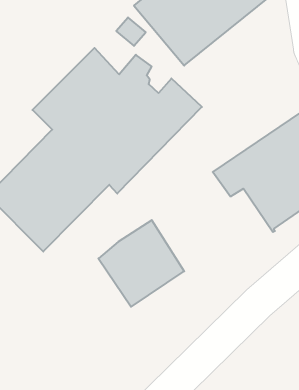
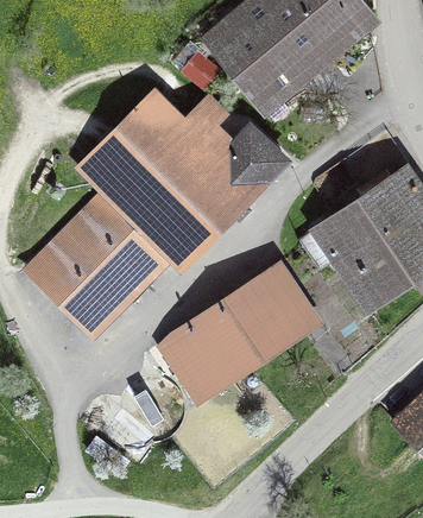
building: none -> [225,263,317,359]

